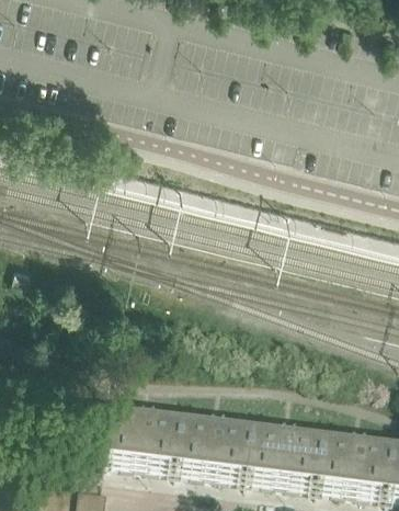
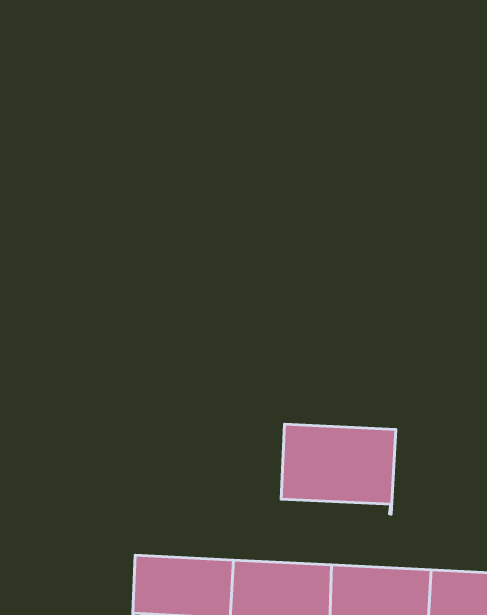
building: none -> [281,424,396,514]

